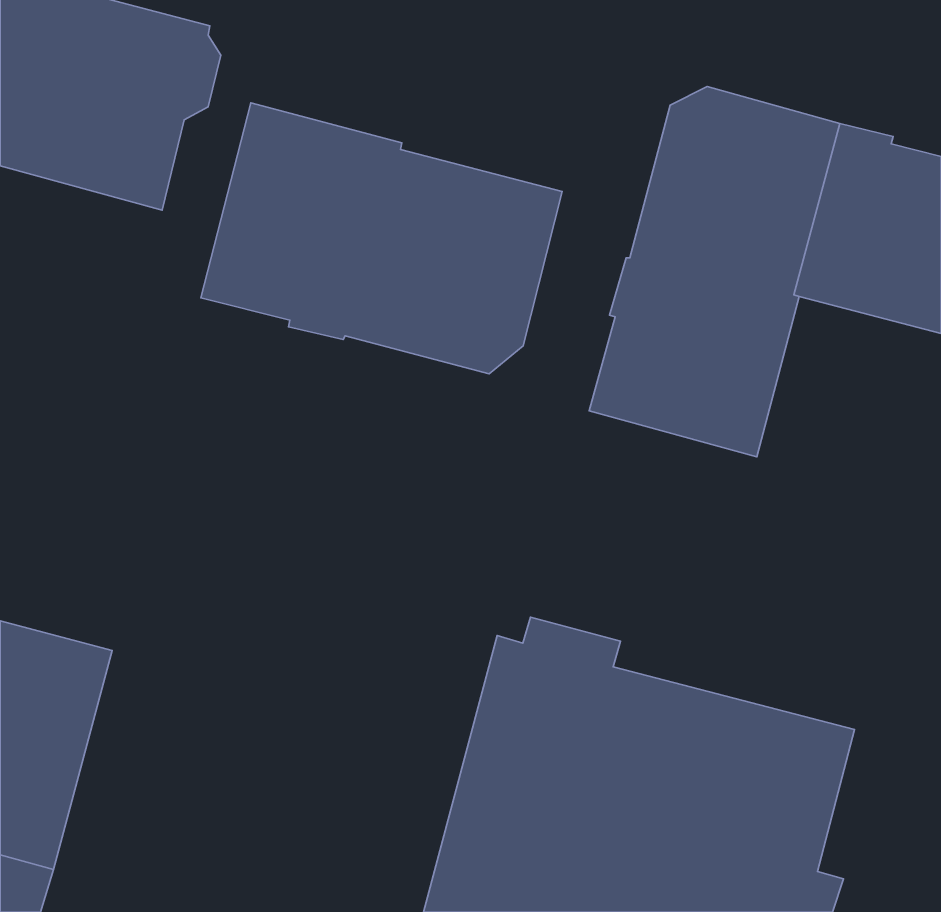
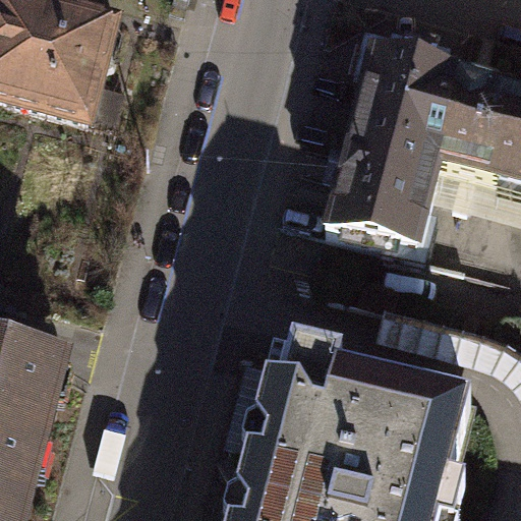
building: [201,103,562,374] -> none

